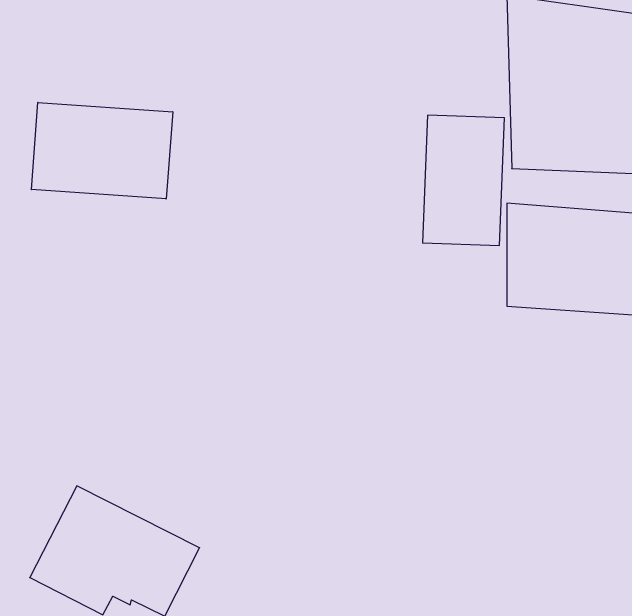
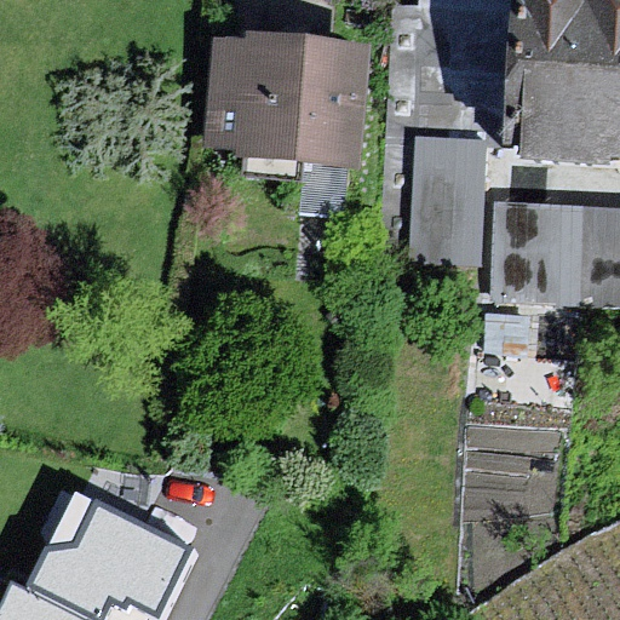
building: none -> [201,36,362,167]
building: [31,102,173,199] -> none

